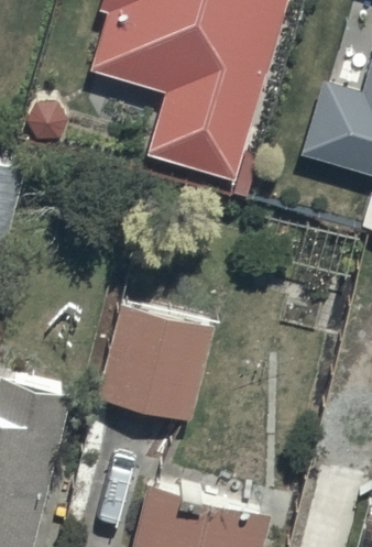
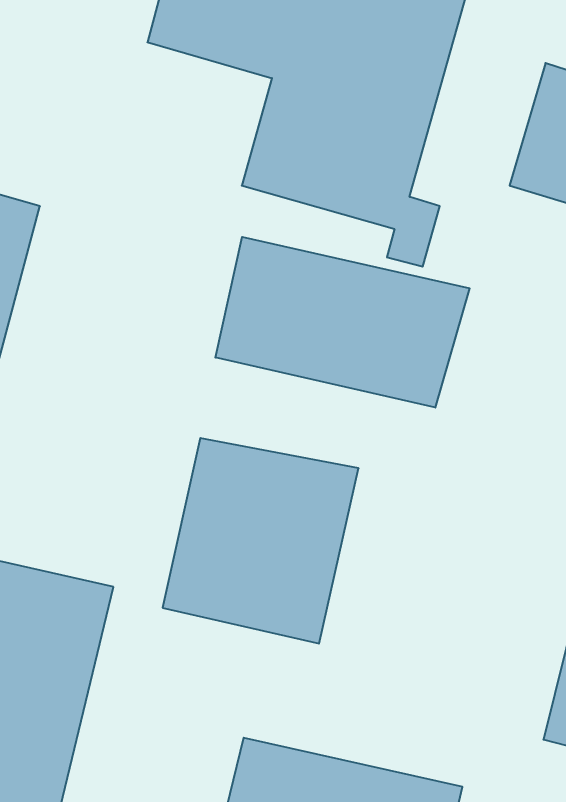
building: none -> [215,237,470,408]

